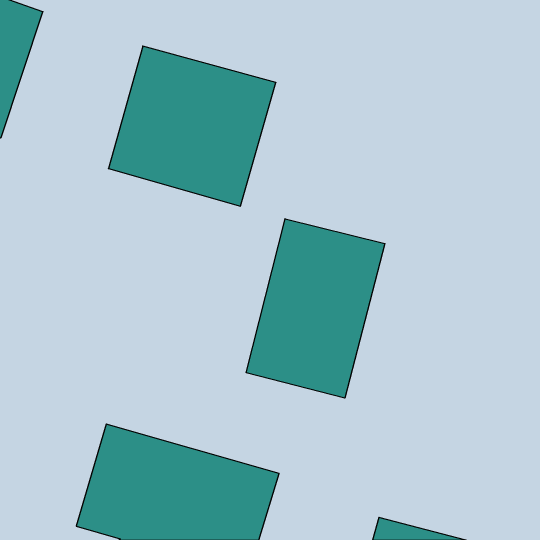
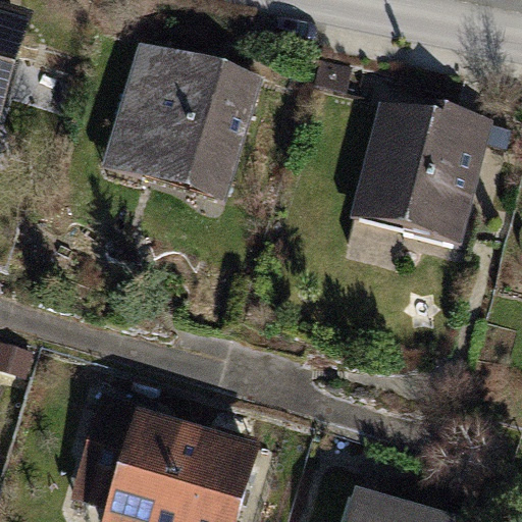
building: none -> [350,102,491,243]
building: [246,219,385,398] -> none

